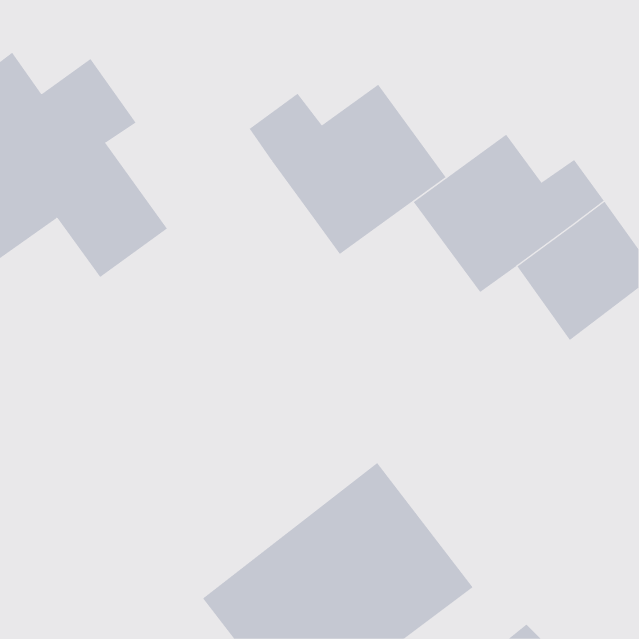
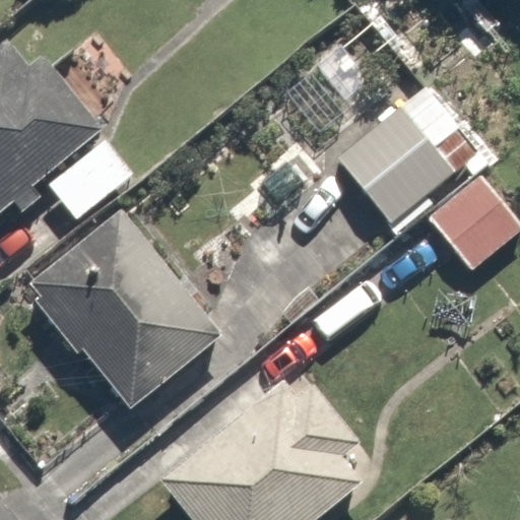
building: [249,84,447,255] -> none
building: none -> [18,208,214,408]

